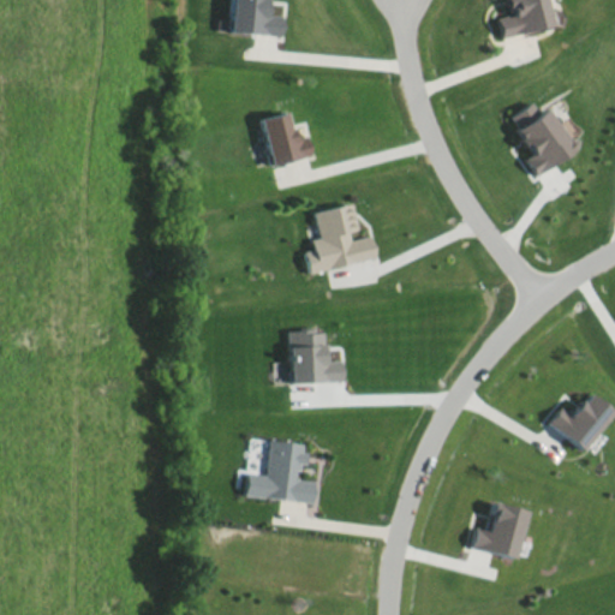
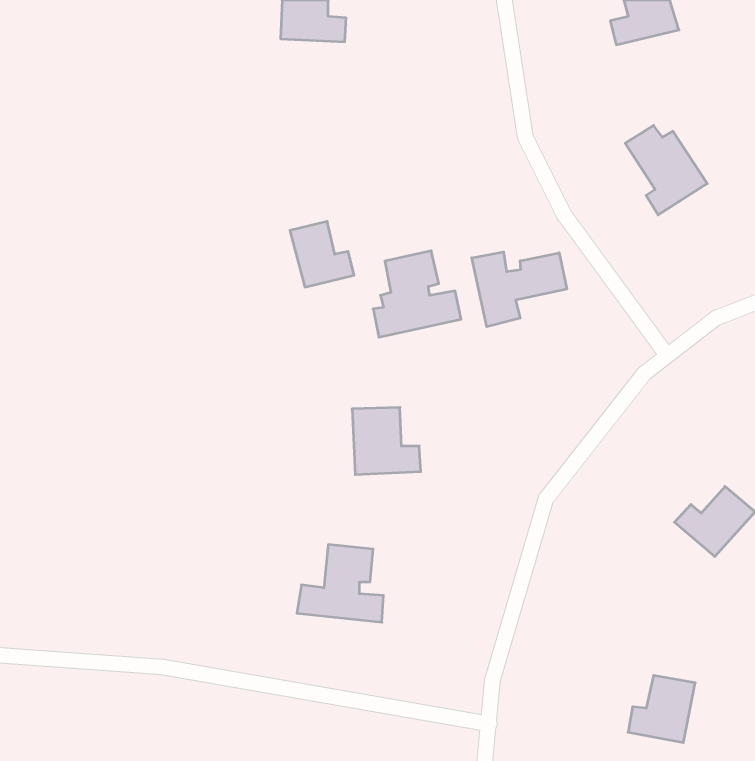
building: [262,112,314,165] -> [290,221,354,287]
building: none -> [472,252,567,327]
building: [473,502,527,556] -> [628,675,695,743]

